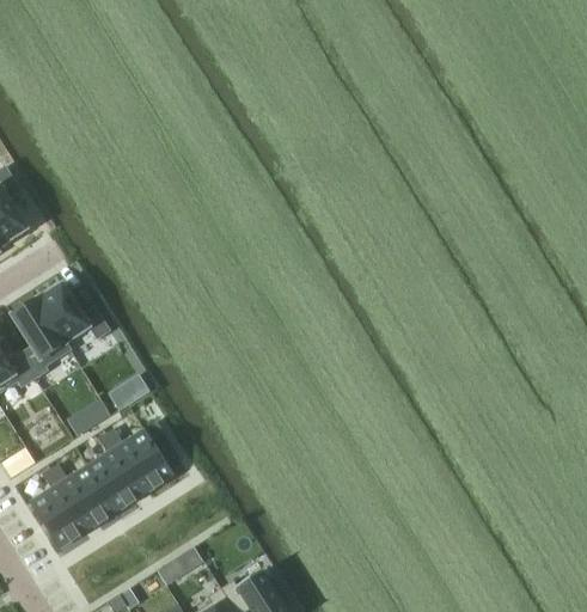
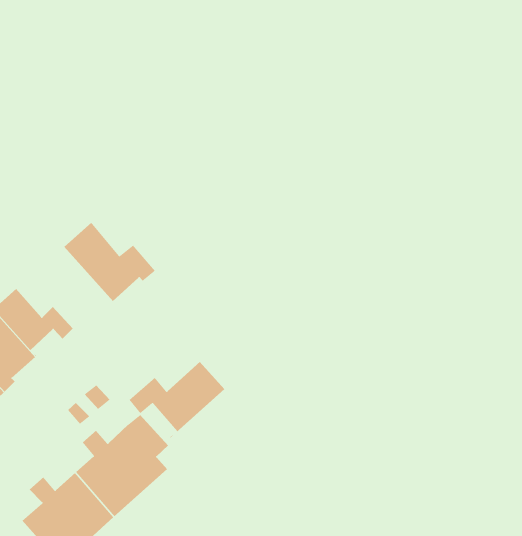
building: none -> [64,222,156,302]
building: none -> [128,361,225,439]

